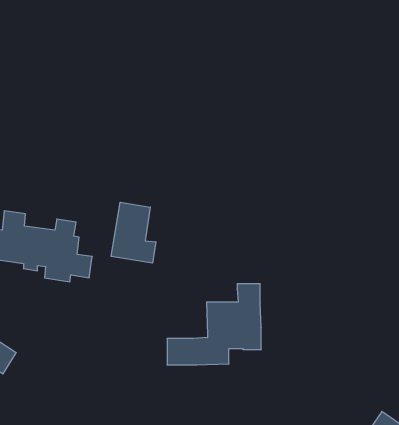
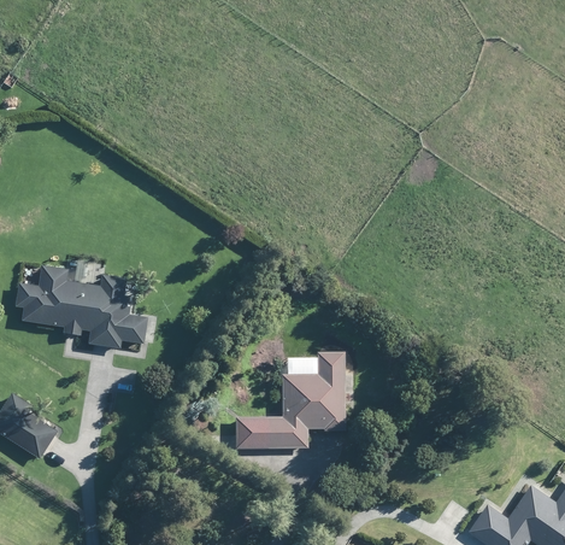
building: [111,202,156,263] -> none

